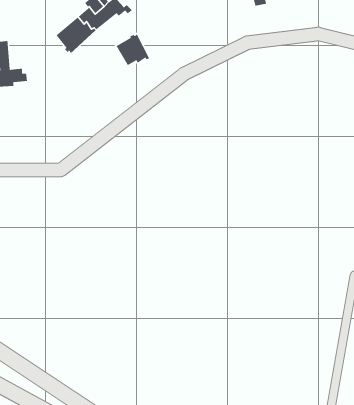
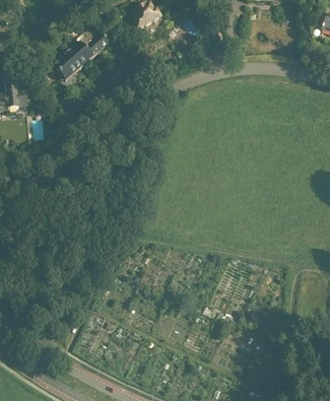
building: [115,33,150,66] -> none

